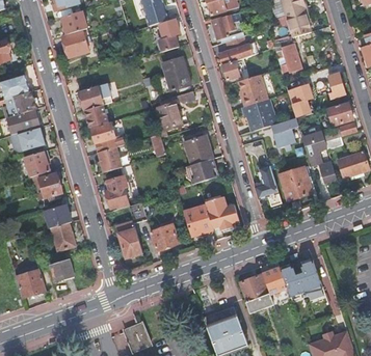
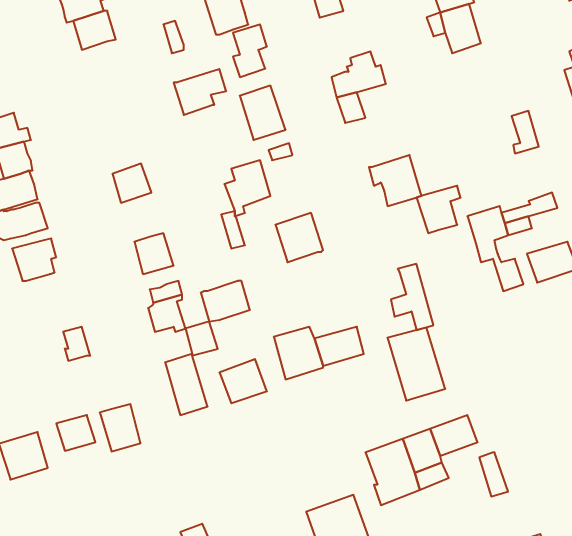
building: [211,15,243,42] -> none
building: [62,29,88,57] -> none
building: [275,42,301,71] -> none
building: [238,74,267,106] -> none
building: [78,82,110,110] -> [174,69,226,115]
building: [287,83,312,115] -> none
building: [327,101,352,125] -> none
building: [90,122,125,152] -> none
building: [275,155,311,199] -> [387,328,445,401]
building: [187,158,217,183] -> [201,281,250,322]
building: [31,171,61,199] -> none
building: [50,221,75,250] -> [100,404,141,452]

